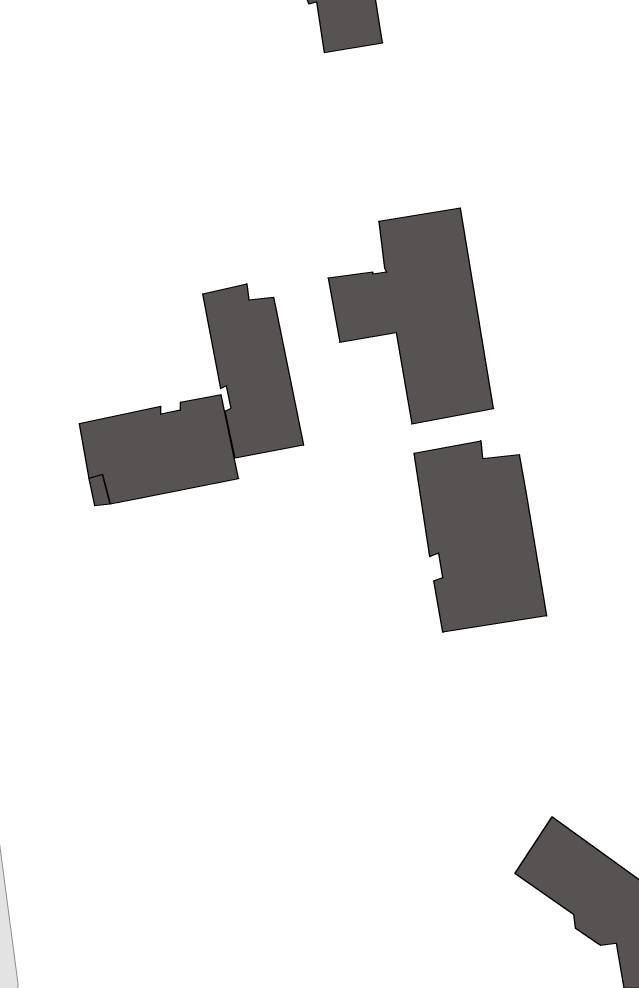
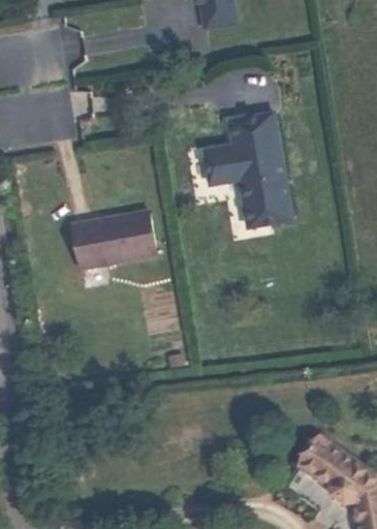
building: [203,284,303,458] -> none
building: [414,441,547,632] -> none

